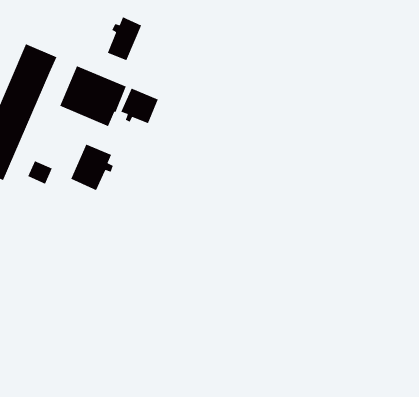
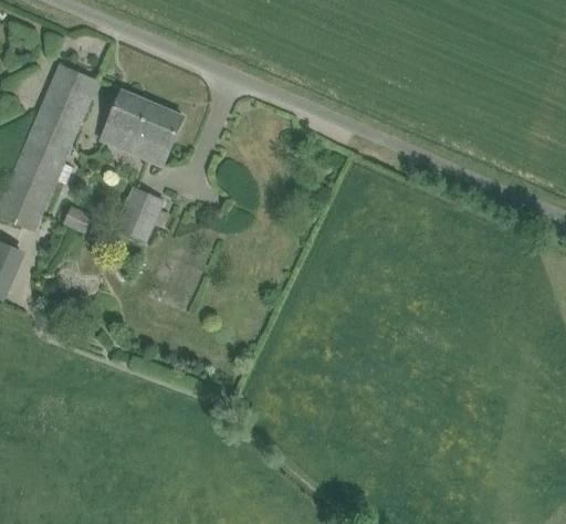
building: [107,16,142,61] -> none
building: [120,87,159,124] -> none

